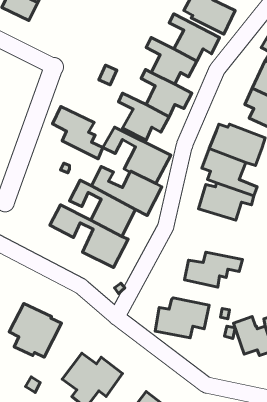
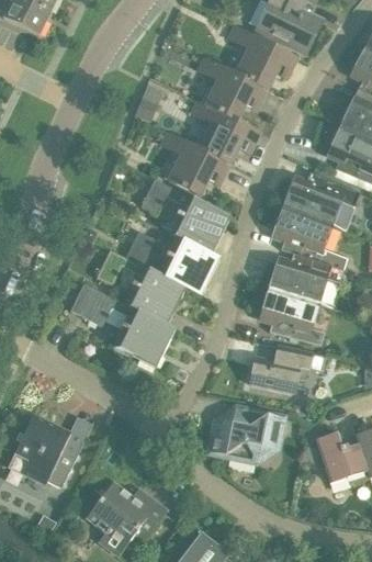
building: [52,106,103,159] -> none
building: none -> [258,288,324,345]

